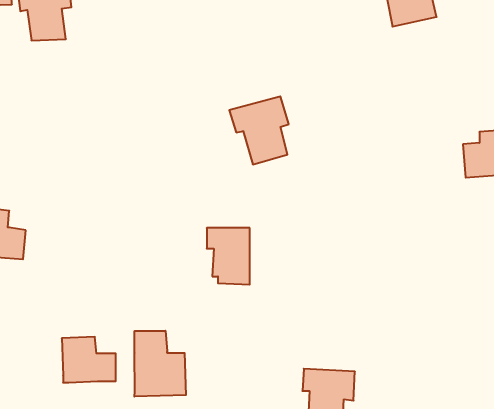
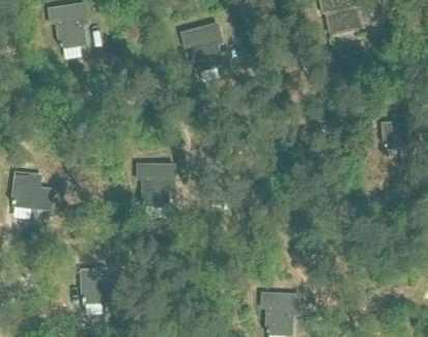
building: [229,96,289,164] -> [180,21,225,72]
building: [207,228,250,285] -> [138,164,170,206]
building: [134,331,186,397] -> none

